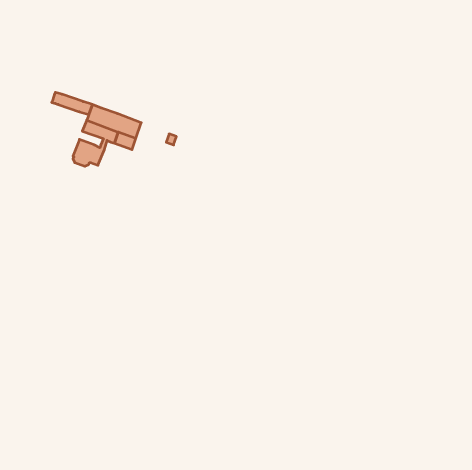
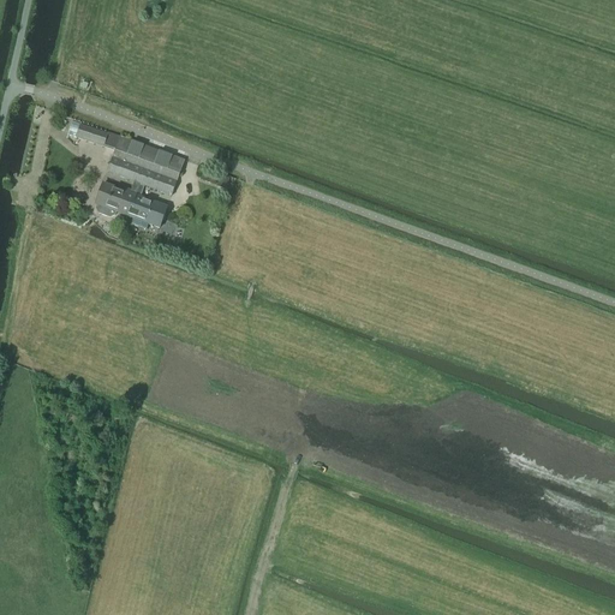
building: none -> [127,195,167,228]

